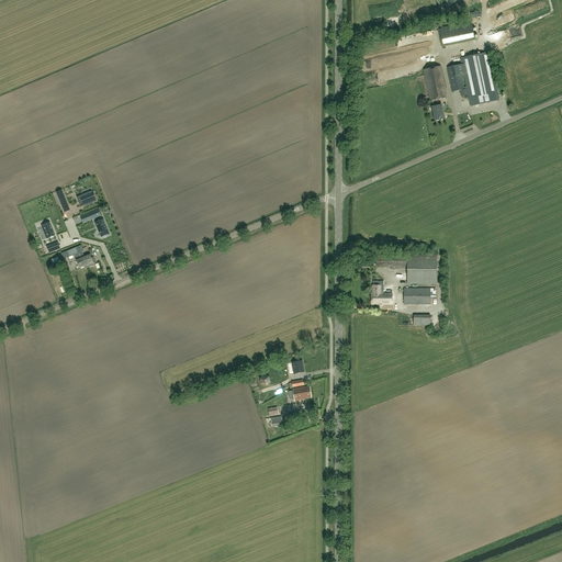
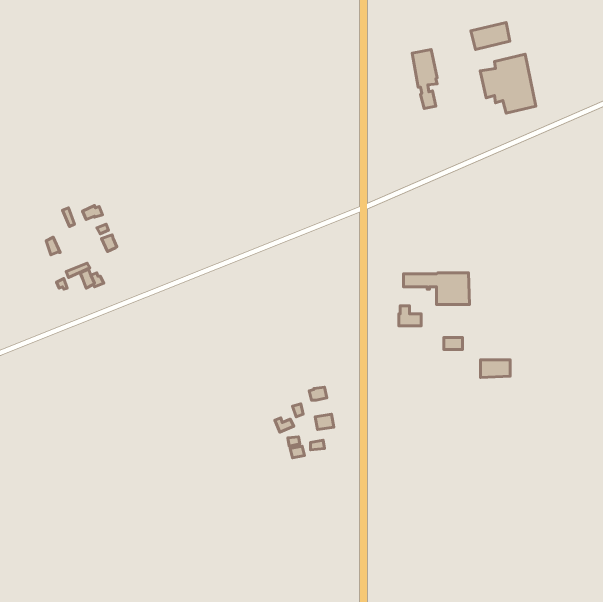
building: [424,65,447,120] -> [412,49,437,109]
building: [403,288,430,304] -> [481,360,510,377]

